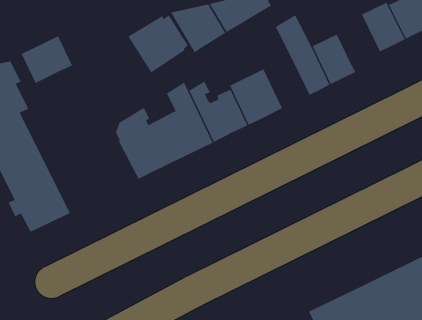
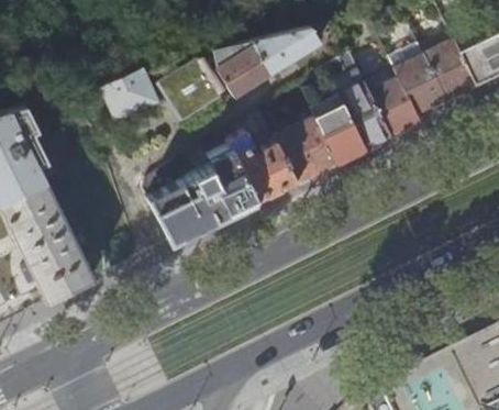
building: none -> [397,56,448,114]
building: [21,35,73,84] -> [103,69,163,124]
building: none -> [313,97,368,163]

